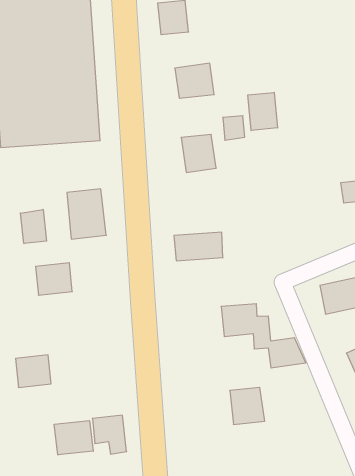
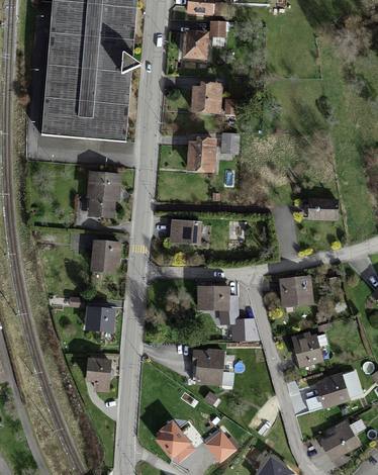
building: [248,92,277,131] -> none
building: [20,209,46,244] -> none
building: [36,263,72,295] -> [91,244,119,268]
building: [16,355,51,387] -> [86,301,113,325]
building: [54,421,93,455] -> none

